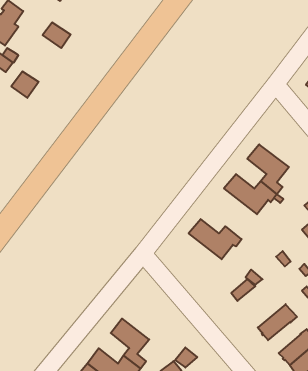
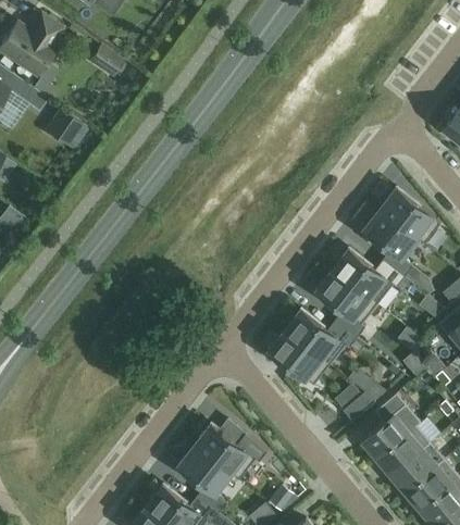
building: none -> [381,188,440,243]
building: none -> [316,268,377,337]
building: none -> [269,329,330,385]
building: none -> [363,393,421,457]
building: none -> [195,424,268,480]
building: none -> [393,449,437,491]

